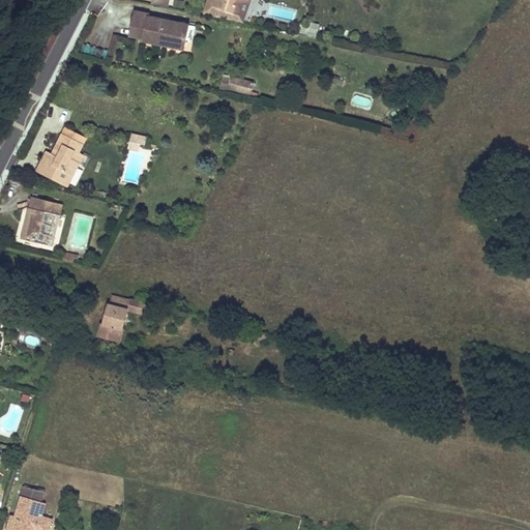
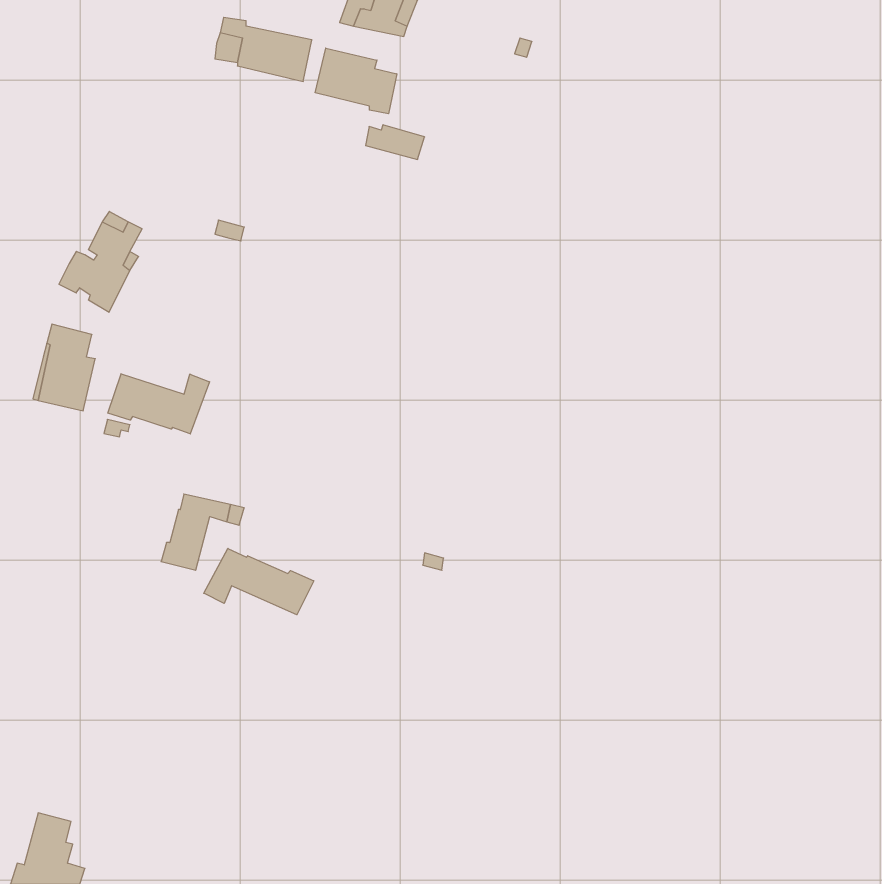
building: none -> [315,48,397,114]
building: none -> [108,374,210,434]
building: none -> [204,548,314,615]

